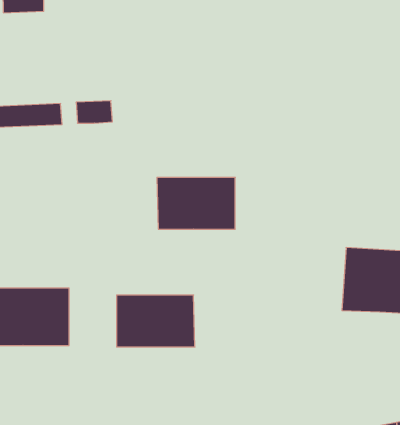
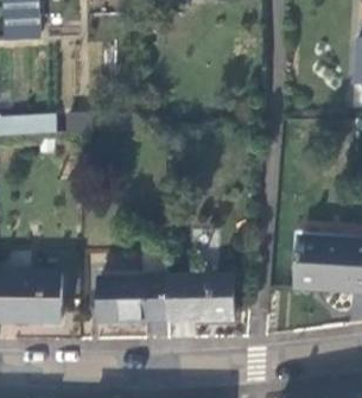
building: [157,177,235,229] -> [167,278,234,322]

